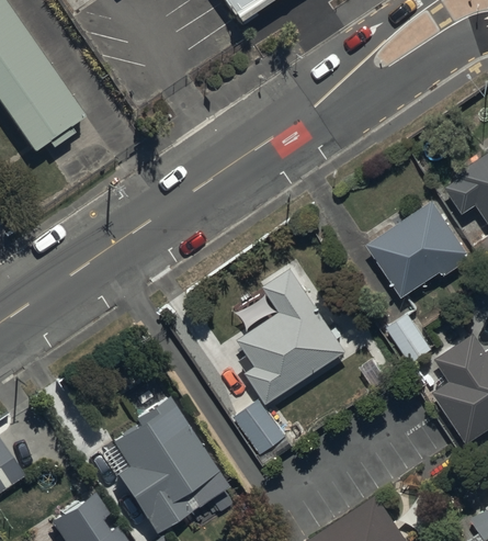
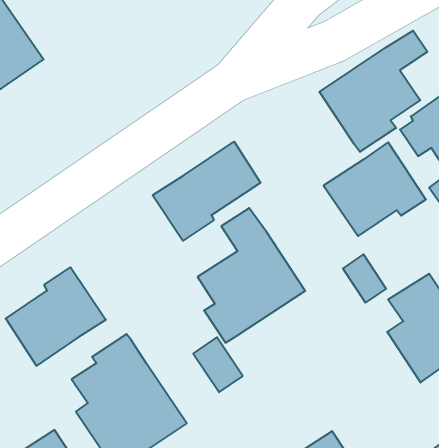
building: none -> [319,31,427,152]
building: none -> [153,142,260,241]
building: none -> [6,267,106,366]

